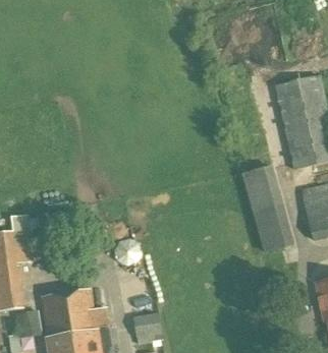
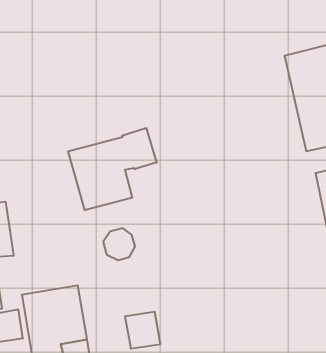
building: none -> [68,128,157,210]
building: [240,163,292,251] -> none

